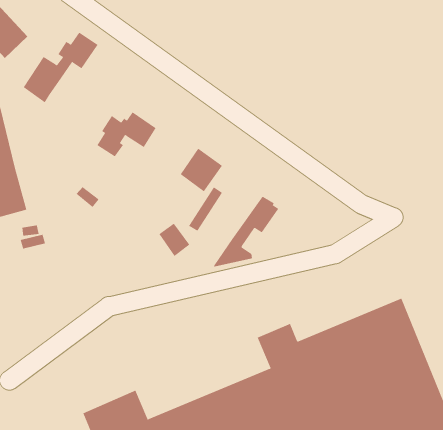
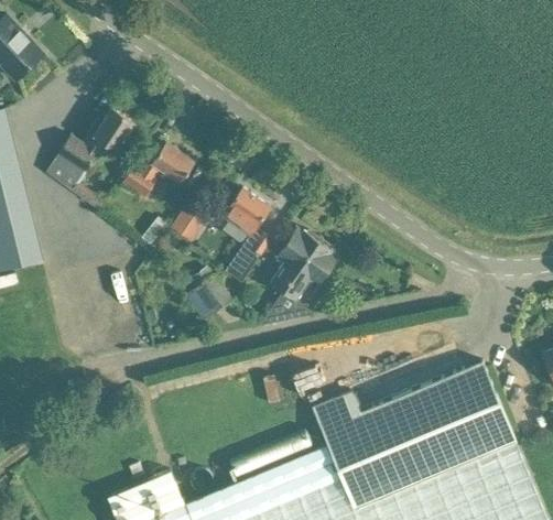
building: [23,32,99,103] -> [46,108,135,192]
building: none -> [170,204,208,242]
building: none -> [269,229,318,293]

